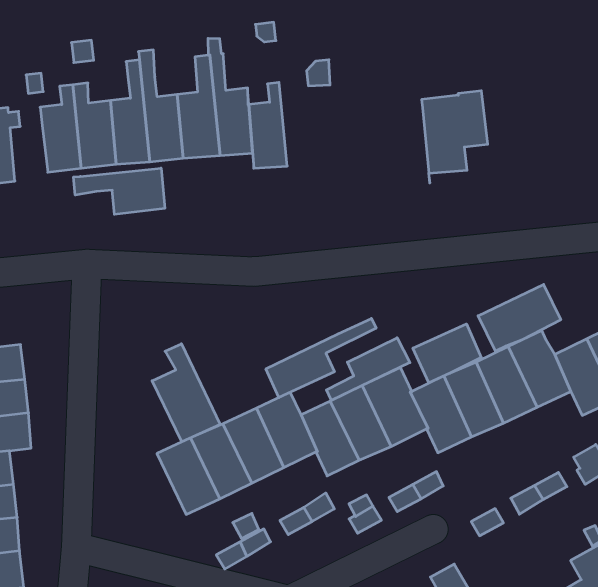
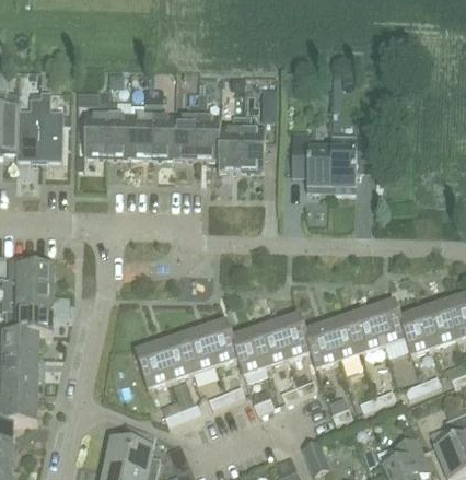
building: none -> [240,116,265,171]
building: none -> [292,140,331,192]
building: [74,168,165,214] -> none
building: [478,284,561,351] -> none
building: [266,318,376,398] -> none
building: [413,324,481,383] -> none
building: [326,338,410,400] -> none
building: [152,344,220,442] -> none

